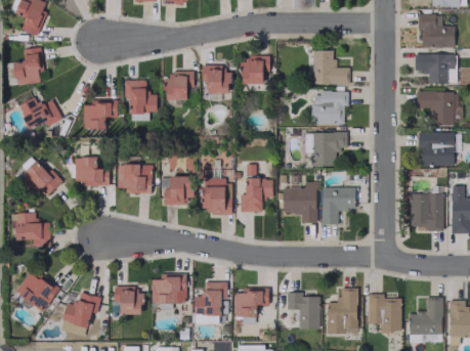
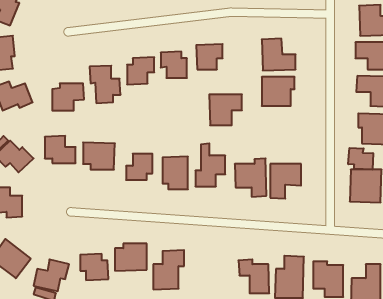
building: [311,132,347,166] -> [209,94,242,125]
building: none -> [348,148,373,170]
building: [234,288,268,323] -> none

